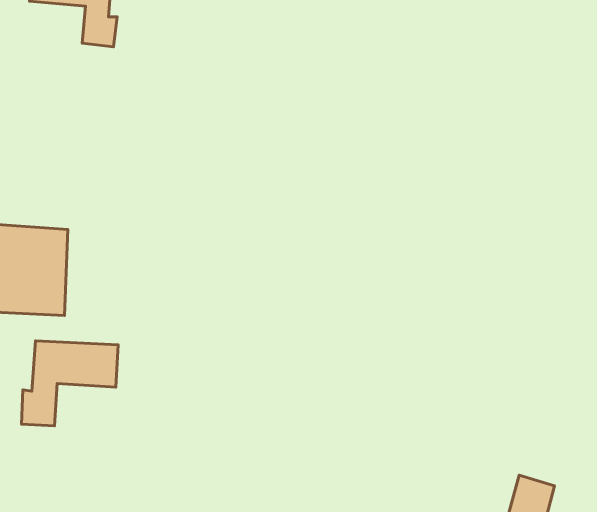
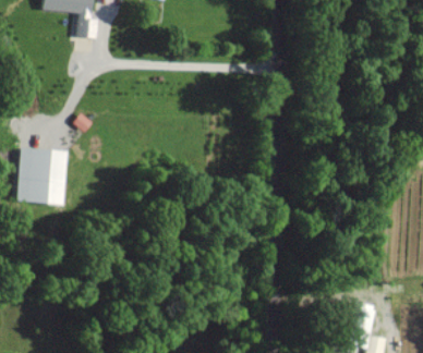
building: [21,341,118,426] -> none

